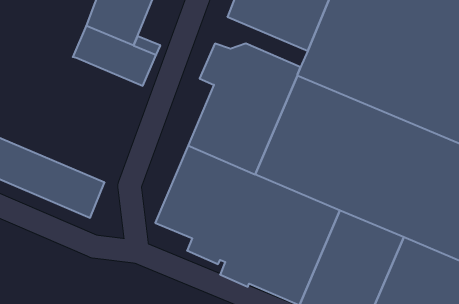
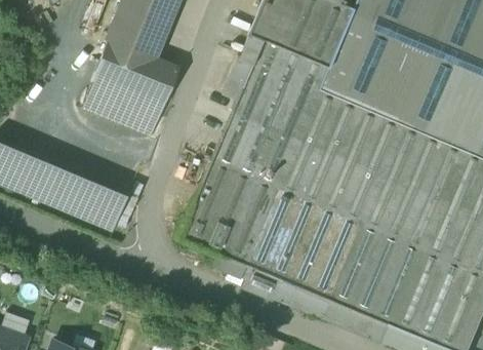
building: none -> [237,29,329,79]
building: none -> [84,70,165,135]

